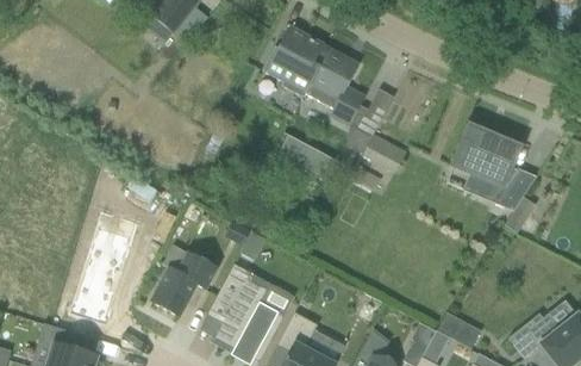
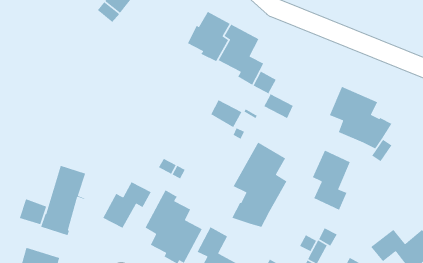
building: none -> [231,142,288,228]
building: none -> [312,149,351,211]
building: none -> [19,198,47,225]

